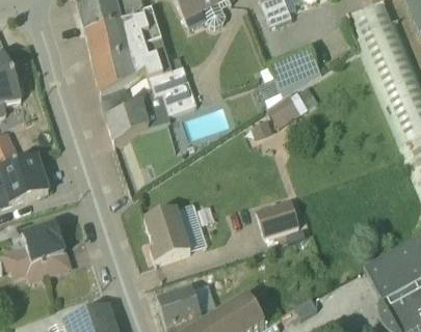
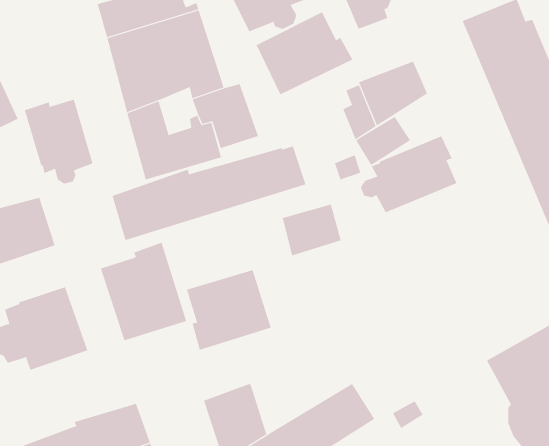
building: none -> [256,11,353,95]
building: none -> [24,99,93,185]
building: none -> [360,135,457,213]
building: none -> [112,146,306,241]
building: none -> [100,242,187,341]
building: [255,198,298,237] -> [282,204,341,256]

